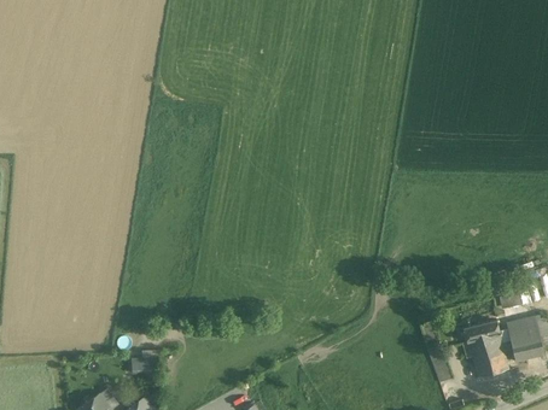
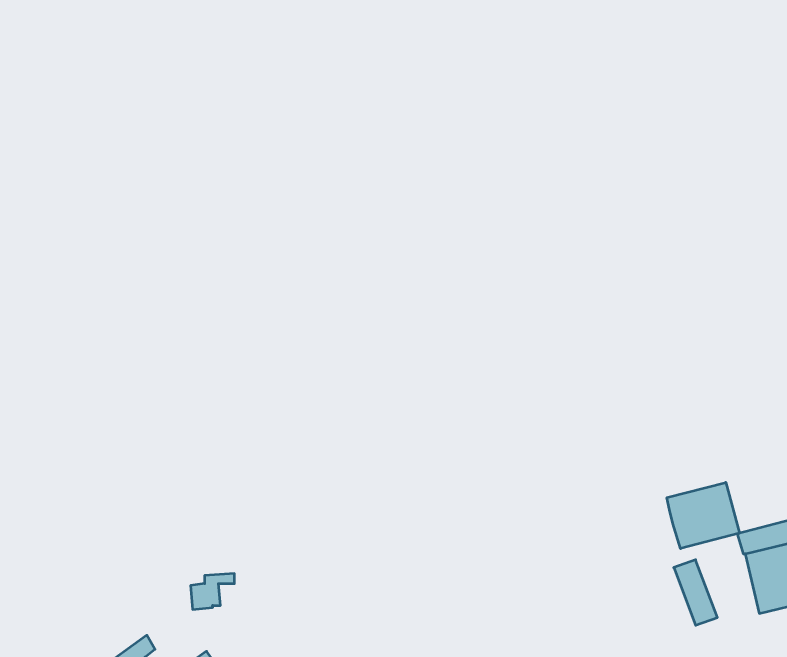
building: none -> [667,482,739,549]

